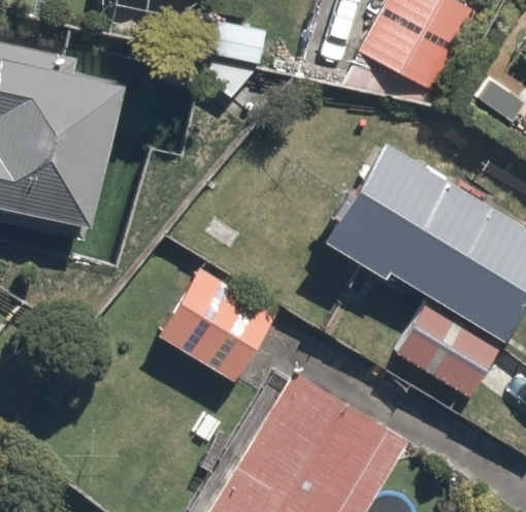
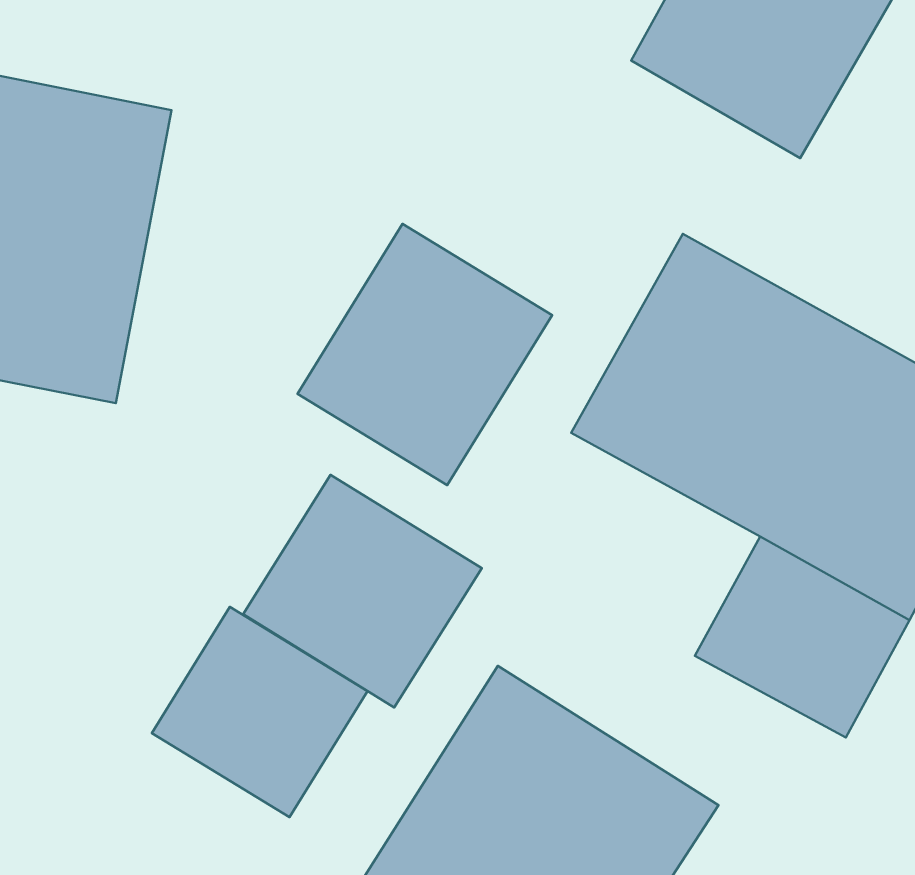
building: none -> [297,224,552,485]
building: none -> [152,607,367,817]

